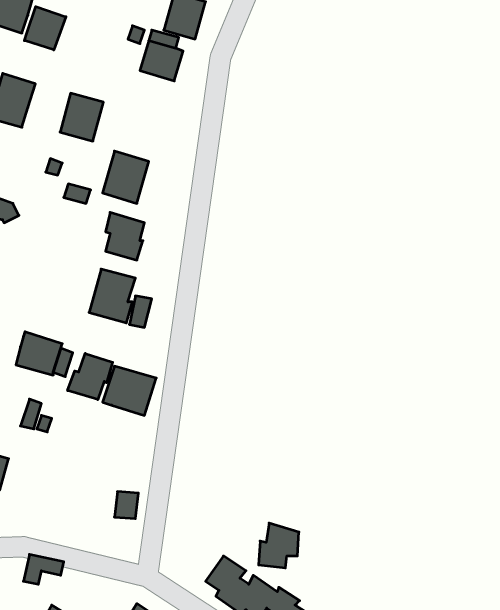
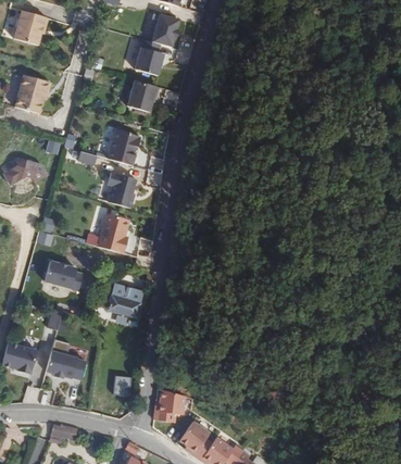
building: [24,7,66,50] -> none
building: [60,93,103,141] -> [124,79,155,114]
building: [68,353,113,400] -> none
building: none -> [43,350,87,383]
building: [259,523,299,568] -> [154,392,184,425]

